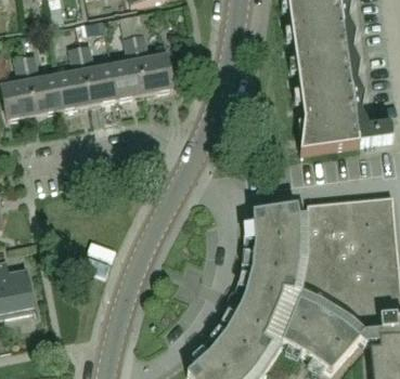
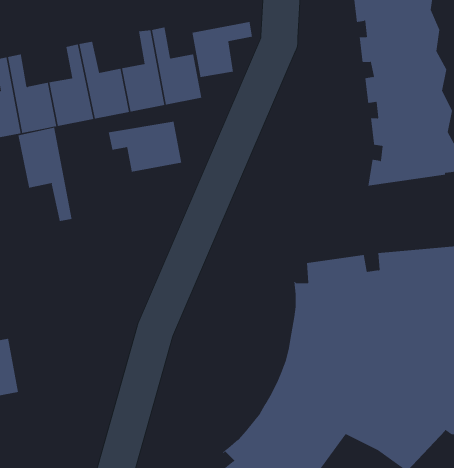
building: none -> [192,21,252,78]
building: none -> [108,121,182,173]
building: none -> [18,127,72,222]

